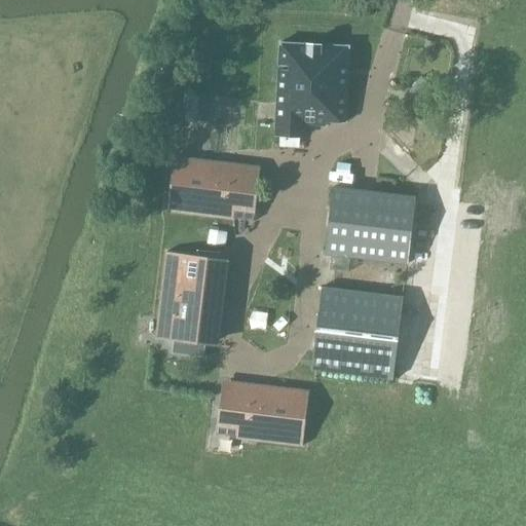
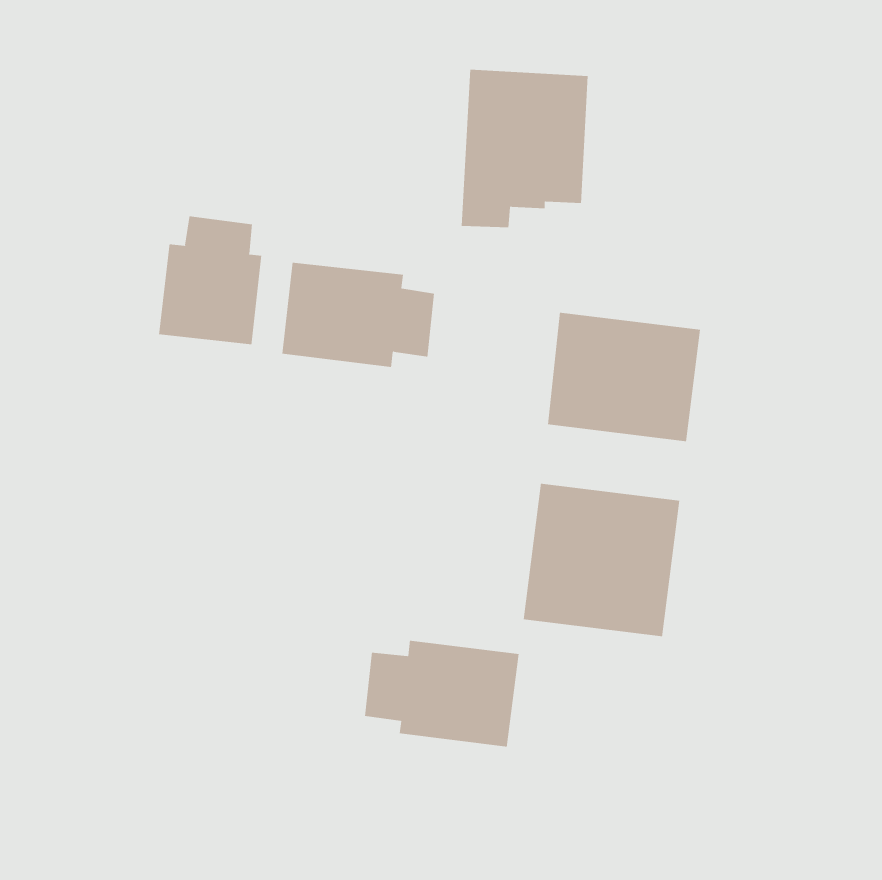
building: none -> [159,216,262,345]
building: [158,251,221,344] -> none

